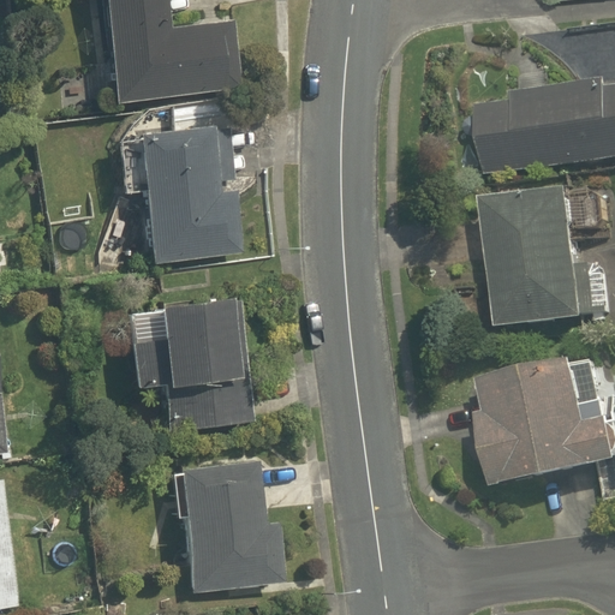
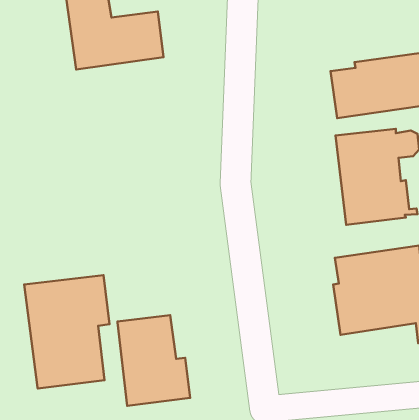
building: [136,125,240,259] -> none
building: [127,298,253,429] -> none
building: none -> [24,275,109,388]

